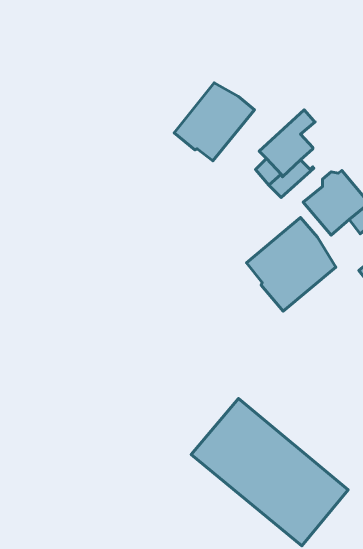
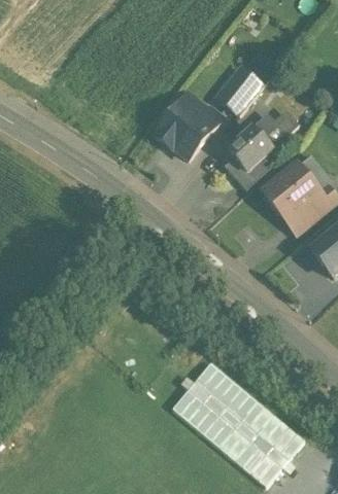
building: none -> [216,67,262,113]
building: none -> [262,111,298,146]
building: [247,218,336,311] -> none

